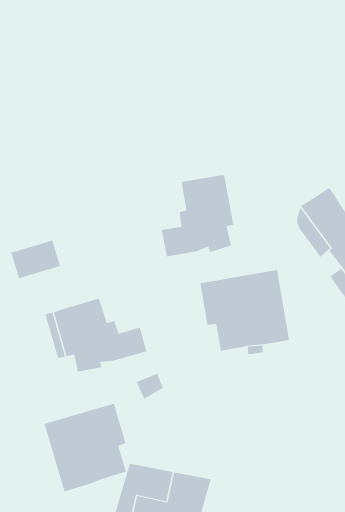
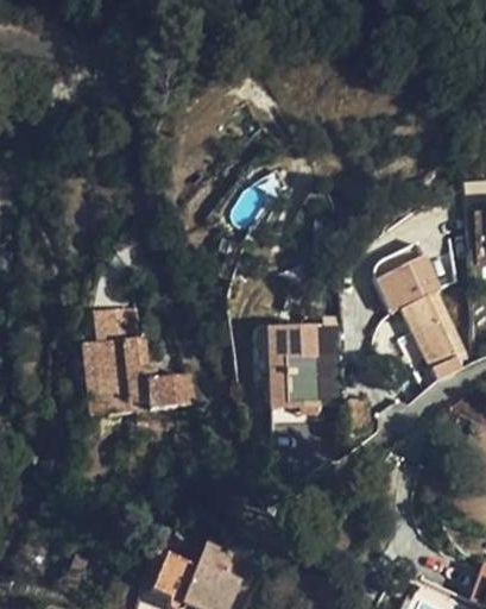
building: [161,174,234,257] -> none
building: [11,240,61,279] -> [91,309,145,349]
building: [44,403,127,492] -> none

